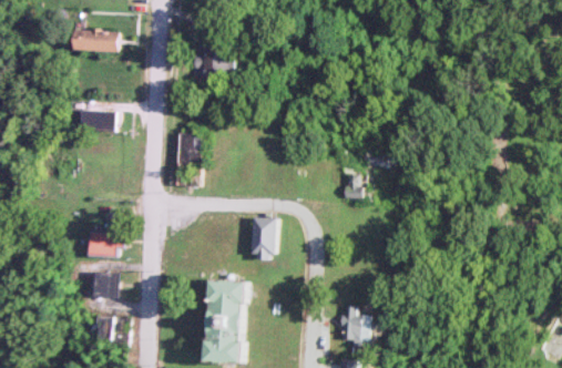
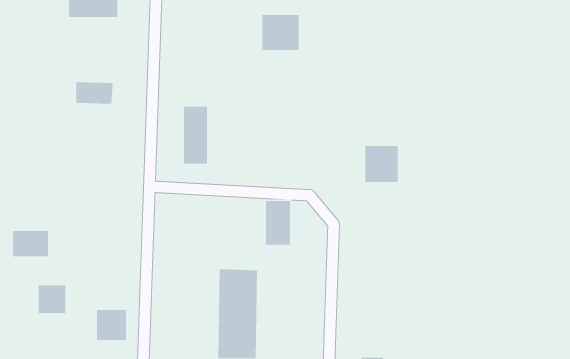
building: [196,41,231,74] -> [262,14,300,51]
building: [88,231,121,255] -> [12,230,49,257]
building: [93,270,119,297] -> [38,284,66,314]
building: [340,314,369,339] -> none

